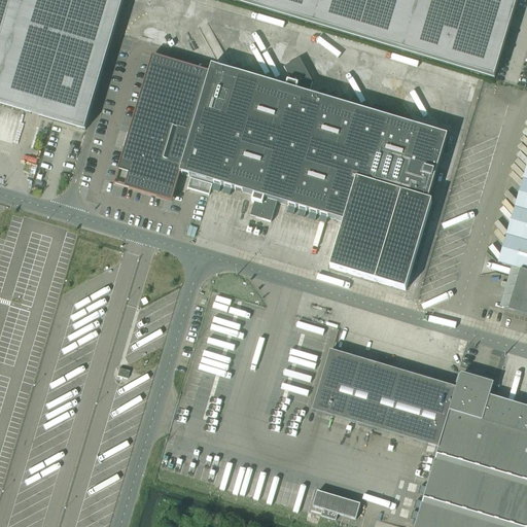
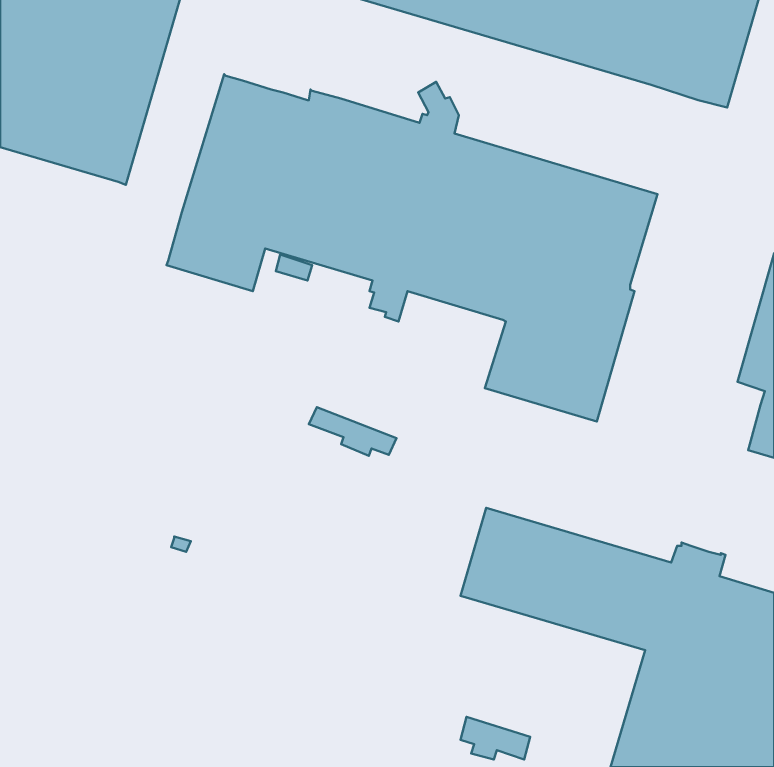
building: none -> [309,407,397,456]

